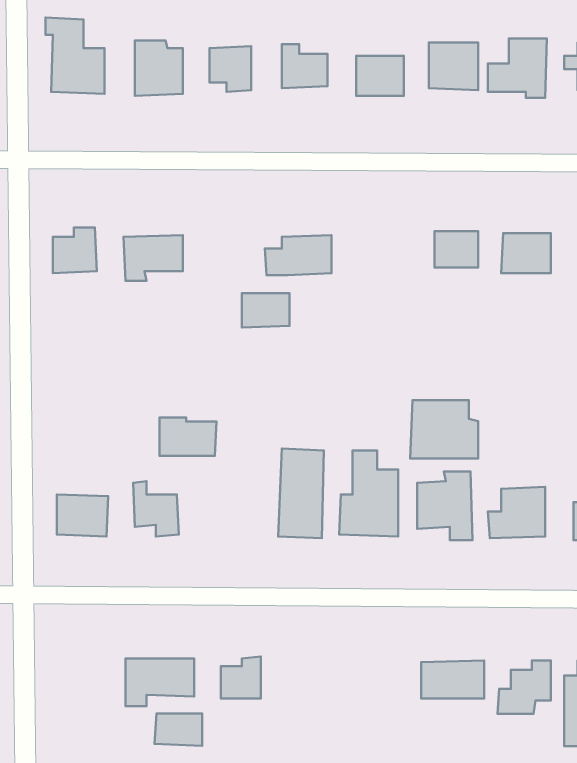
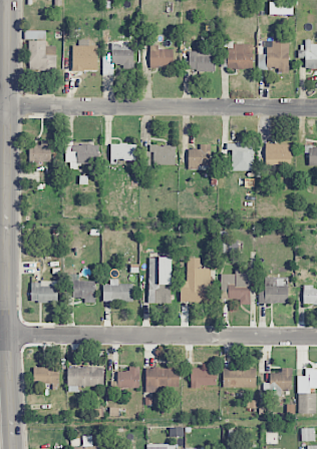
building: none -> [189,144,211,169]
building: [242,293,289,328] -> [110,143,135,161]
building: [410,400,478,458] -> none
building: [159,418,217,456] -> [103,282,133,302]
building: none -> [145,367,179,390]
building: none -> [191,367,217,387]
building: [154,713,202,746] -> [33,367,58,384]

